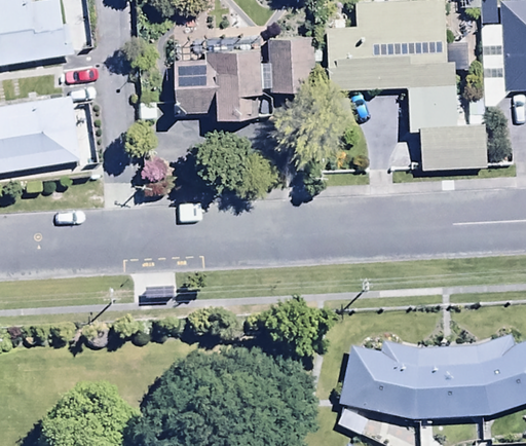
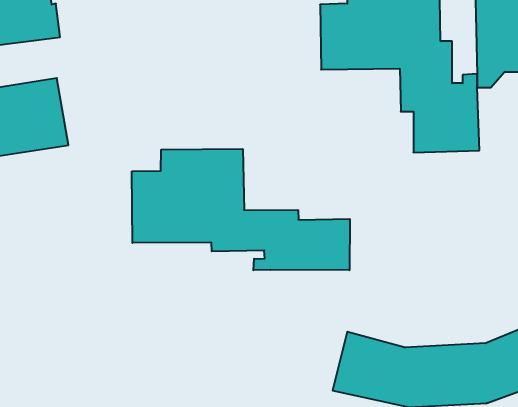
building: [175,35,322,116] -> none
building: none -> [132,149,350,270]

